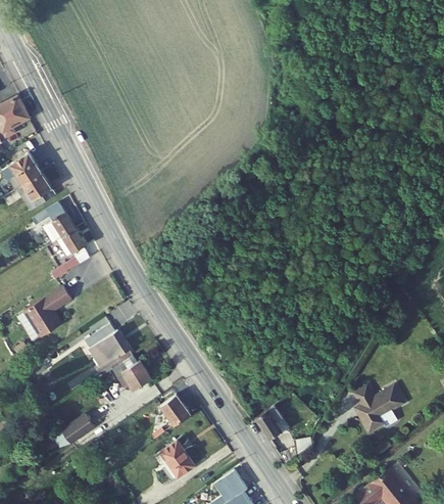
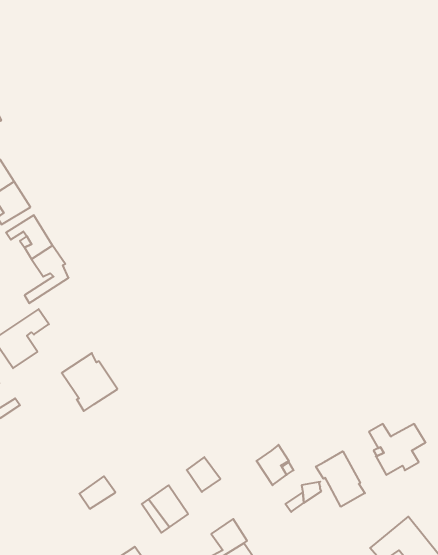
building: [111,356,151,390] -> none
building: [160,395,190,425] -> [187,457,220,492]
building: none -> [316,451,365,507]
building: [61,414,93,443] -> [79,476,115,509]

